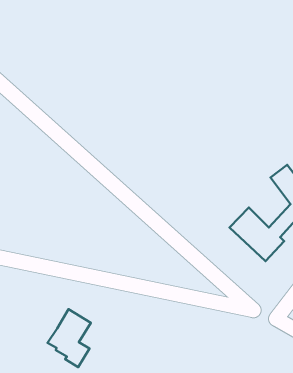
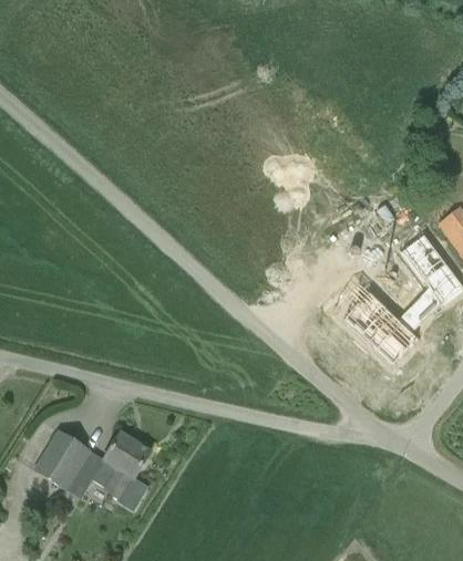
building: none -> [33,429,89,488]

